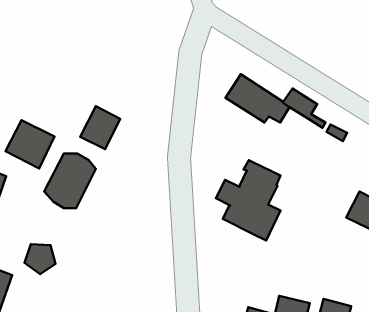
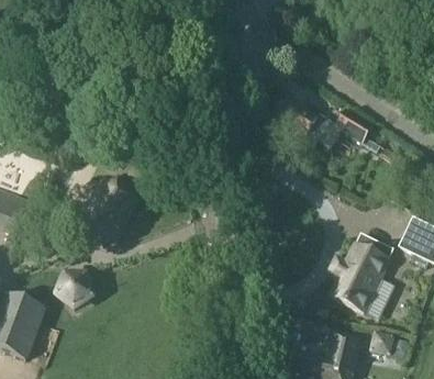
building: [80,106,120,149] -> none
building: [6,120,54,168] -> none
building: [216,160,281,241] -> [323,233,392,319]

